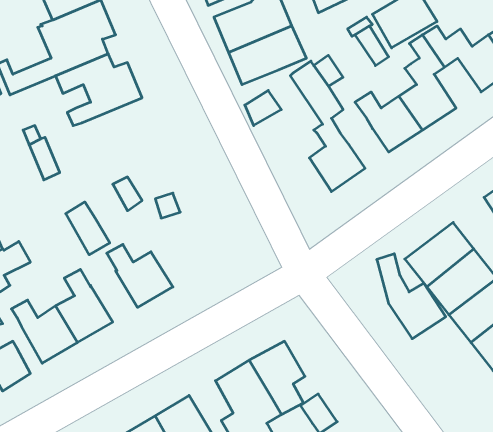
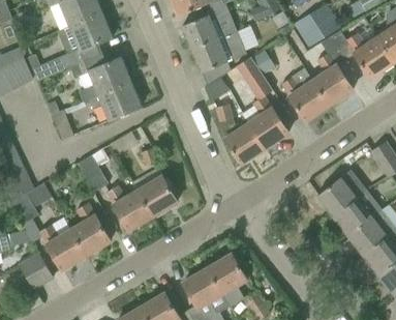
building: none -> [89,82,142,120]
building: none -> [138,176,177,215]
building: [377,254,446,339] -> [216,104,265,164]

